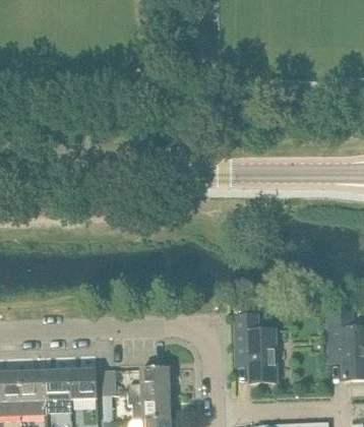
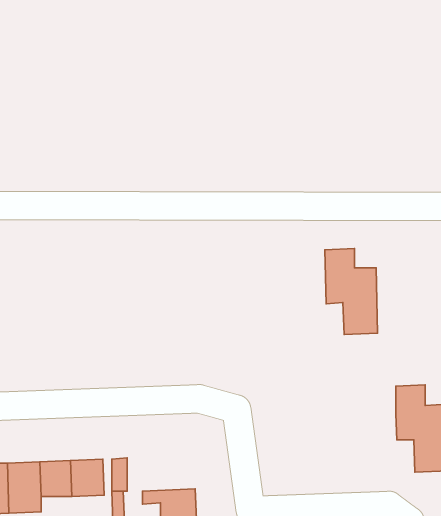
building: [234,314,276,382] -> [325,249,377,335]
building: [119,368,169,395] -> none

